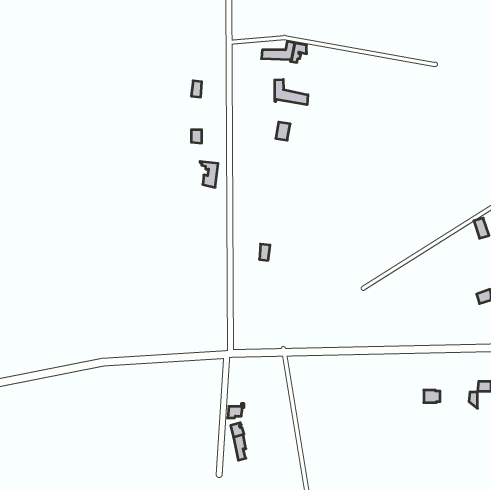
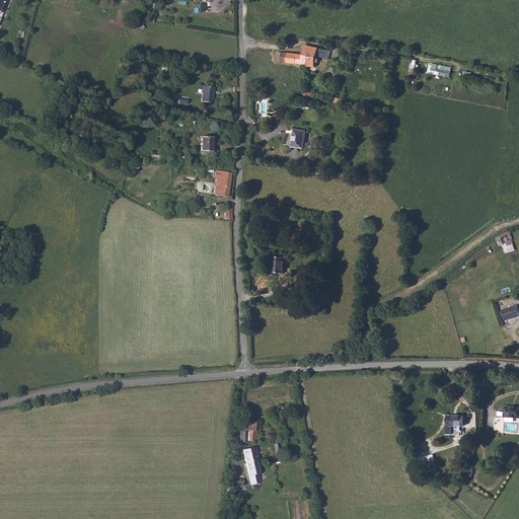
building: [275,79,308,105] -> none

